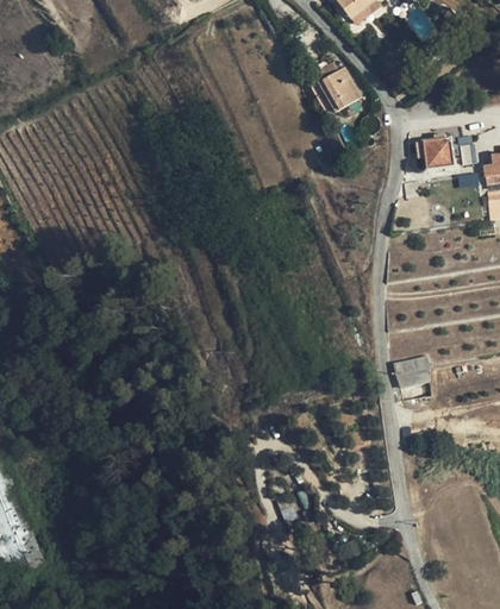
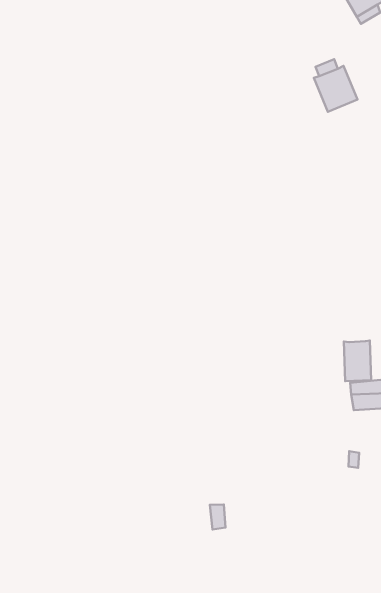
building: none -> [344,341,371,381]

